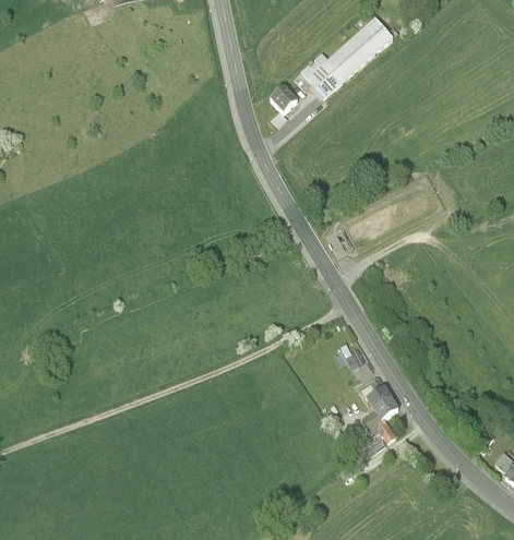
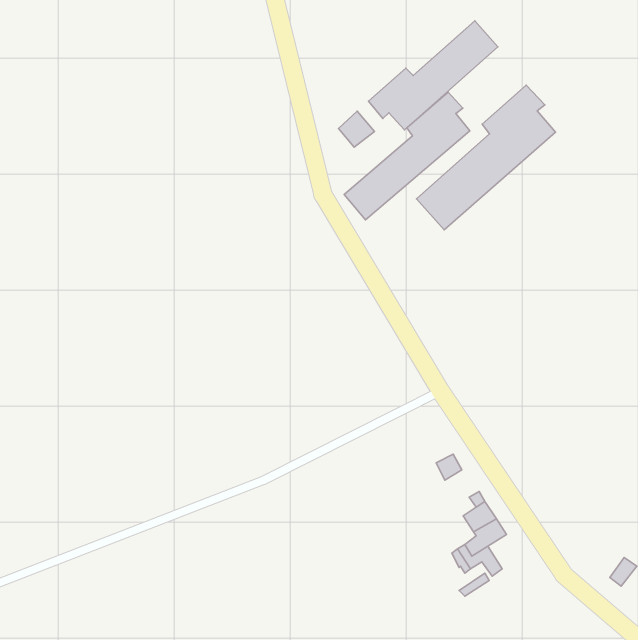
building: none -> [417,85,555,230]
building: none -> [344,92,470,220]

